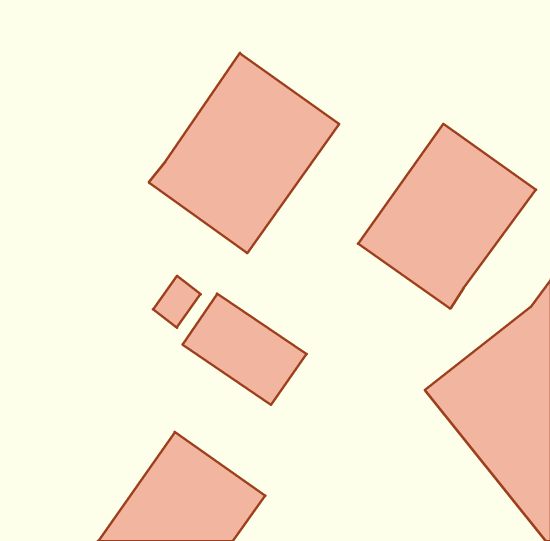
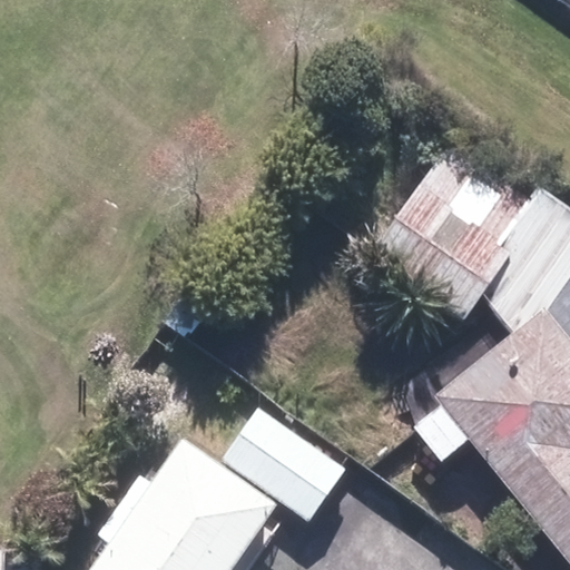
building: [149,53,339,253] -> none
building: [183,294,307,405] -> [218,410,346,524]

